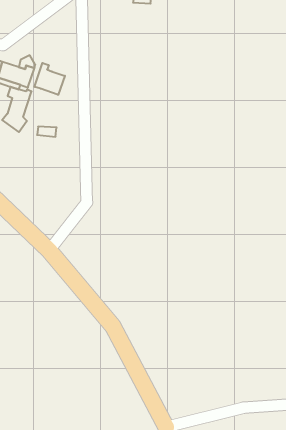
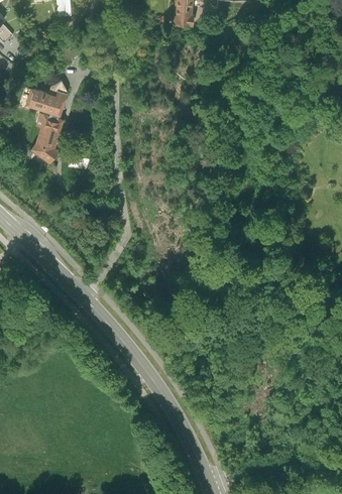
building: [34,63,65,95] -> none

